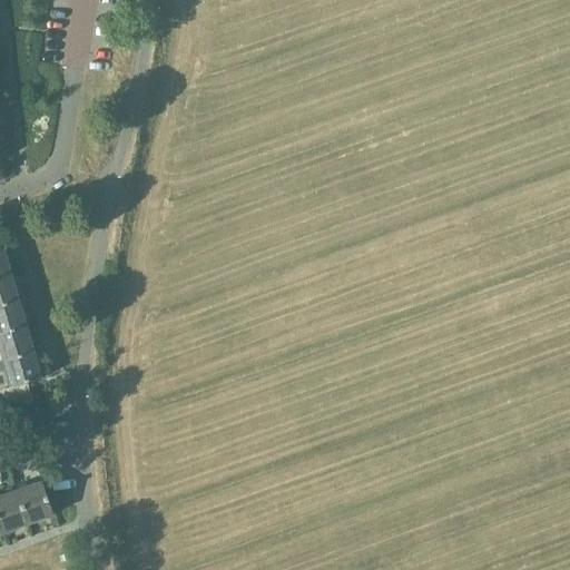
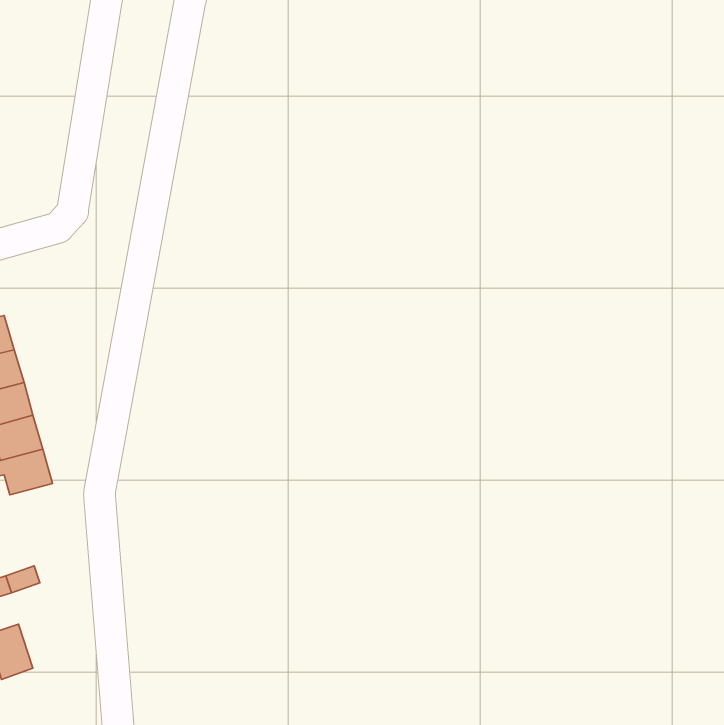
building: [14,480,52,523] -> none

